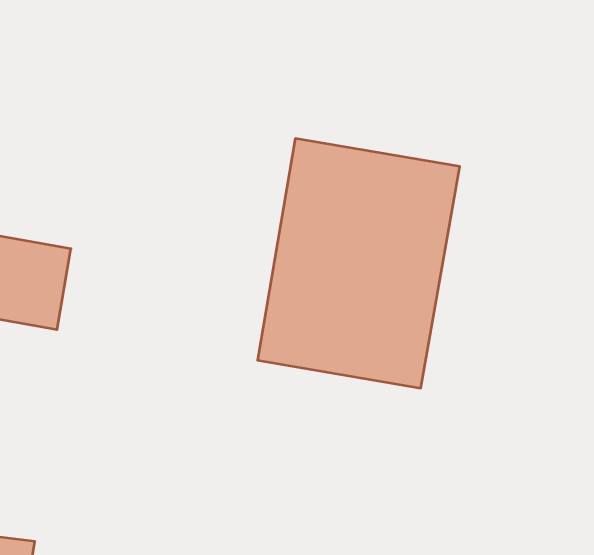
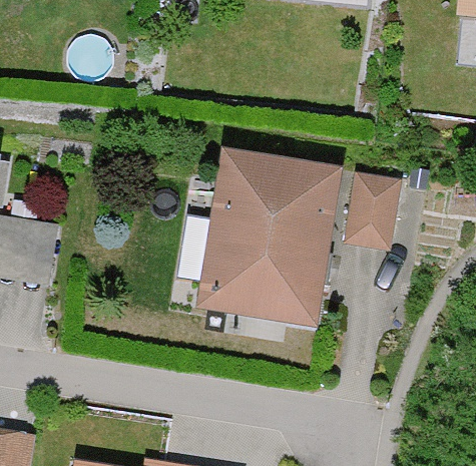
building: none -> [346,172,400,249]

